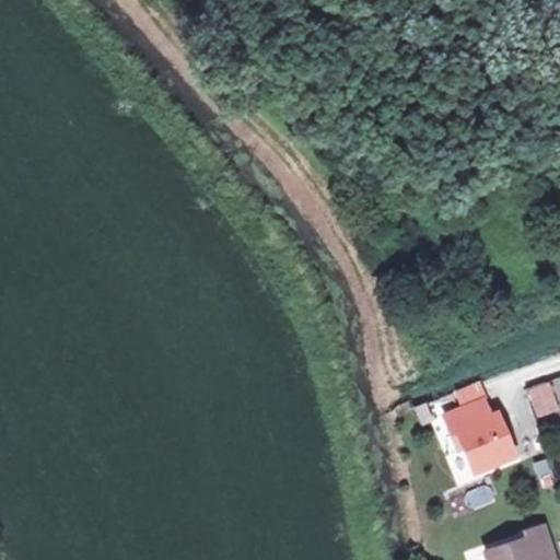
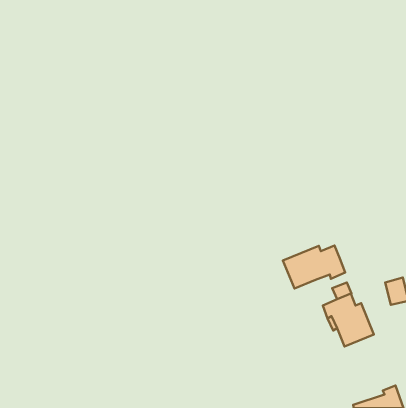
building: none -> [283,245,345,289]

